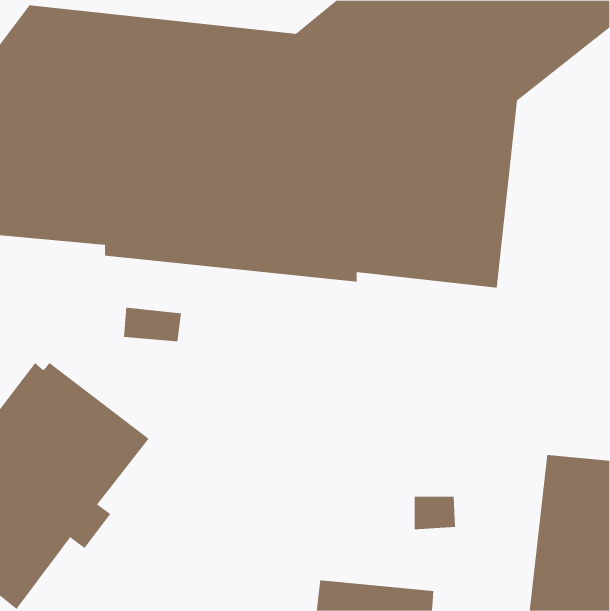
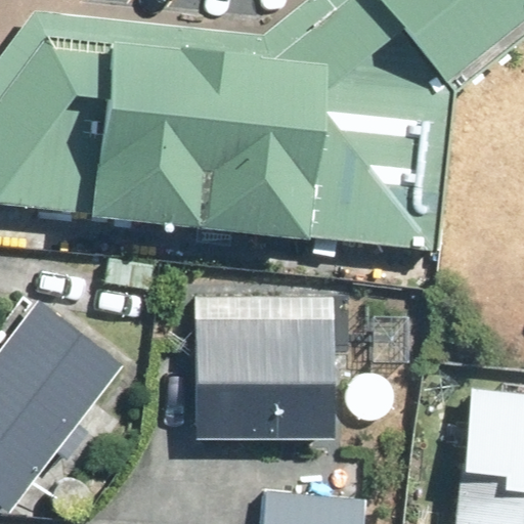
building: none -> [200,302,340,446]

